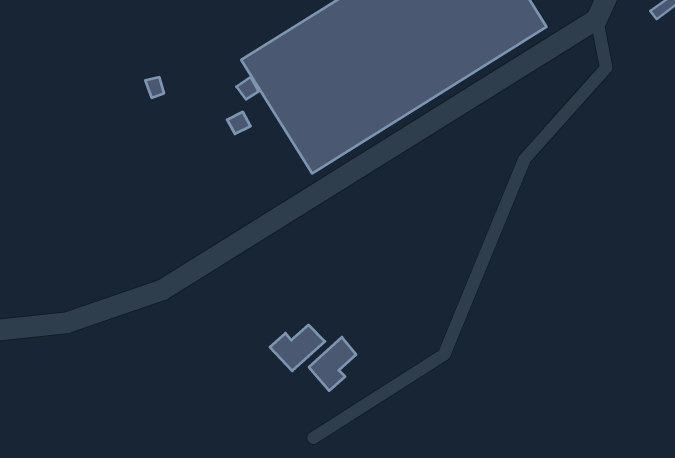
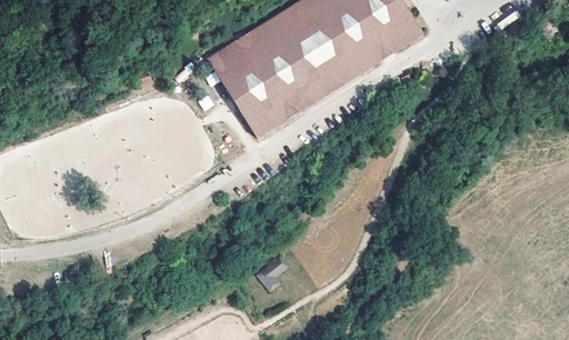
building: [270,325,325,371] -> none

